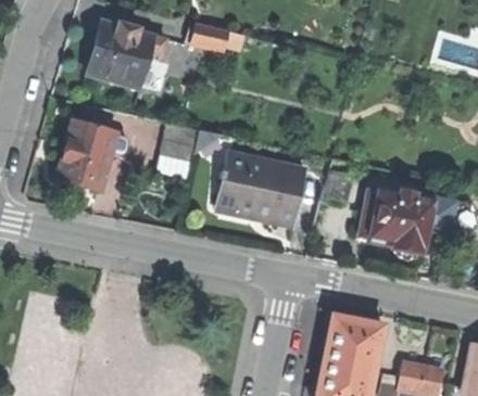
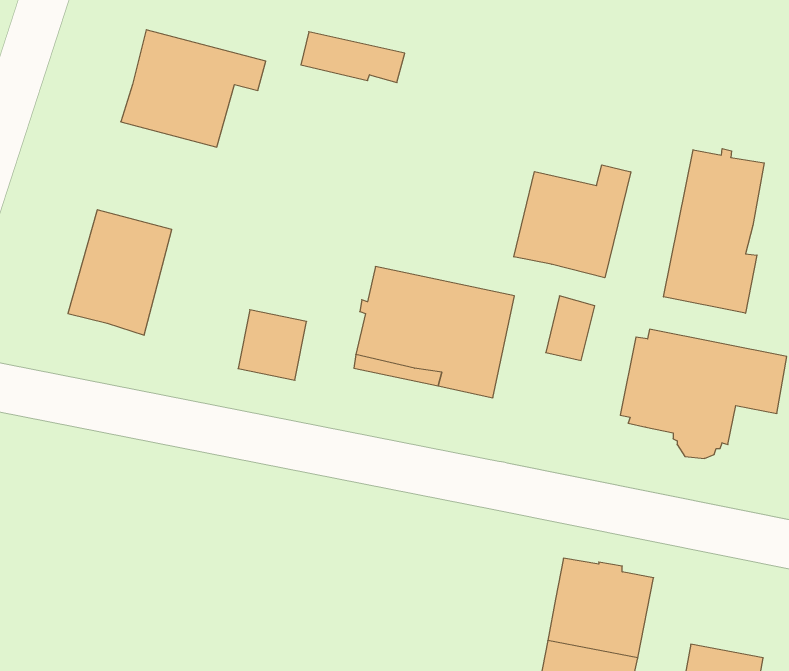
building: none -> [664,149,764,313]
building: none -> [514,165,631,278]
building: [161,122,199,161] -> [238,310,307,380]

